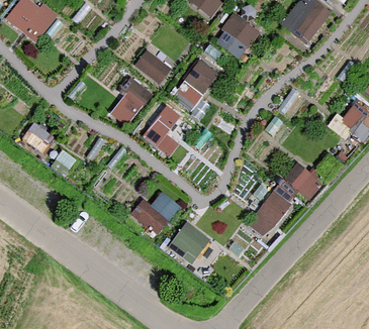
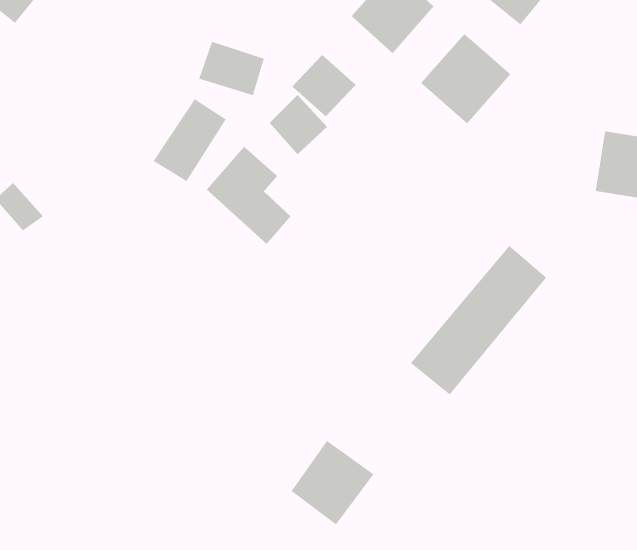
building: none -> [420,33,511,124]
building: [134,188,180,234] -> none
building: [168,220,212,265] -> [290,440,374,526]

